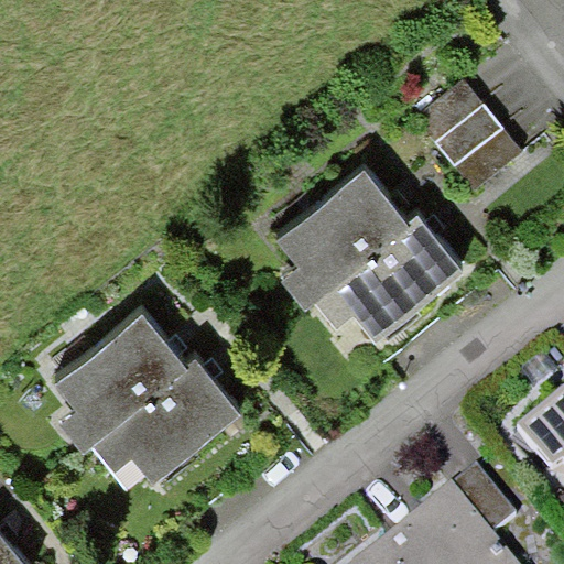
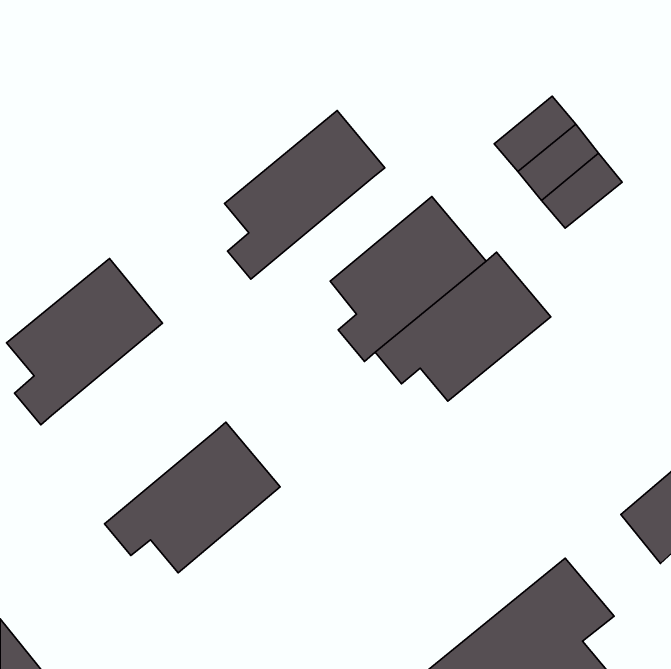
building: none -> [224,111,385,279]
building: [53,311,183,449] -> [7,258,162,425]

